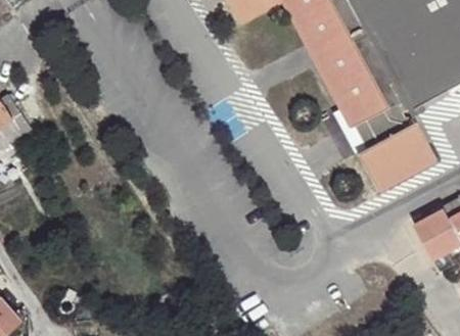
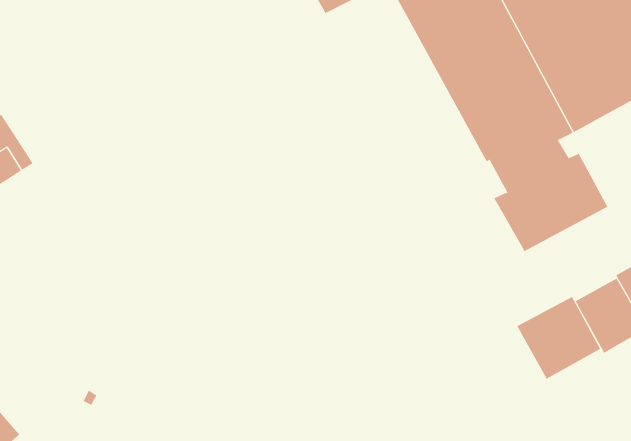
building: none -> [517,296,601,380]

